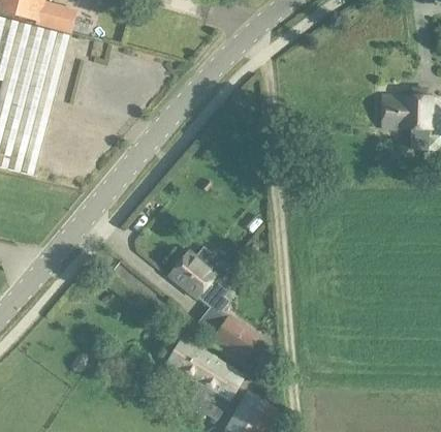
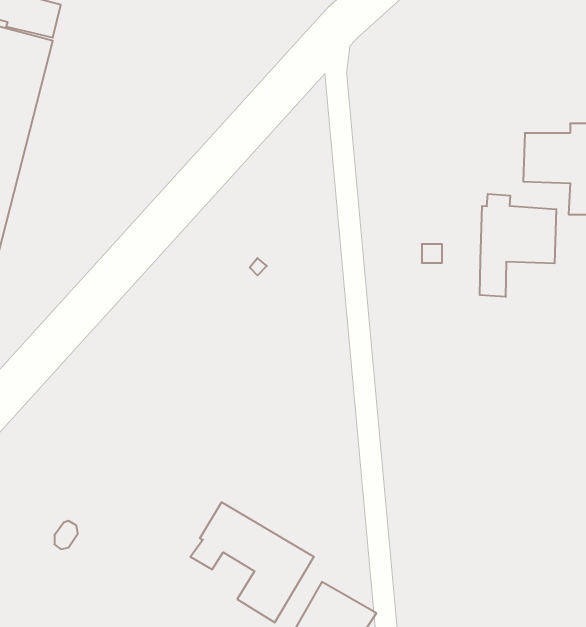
building: none -> [480,194,556,297]
building: [169,245,258,359] -> none

